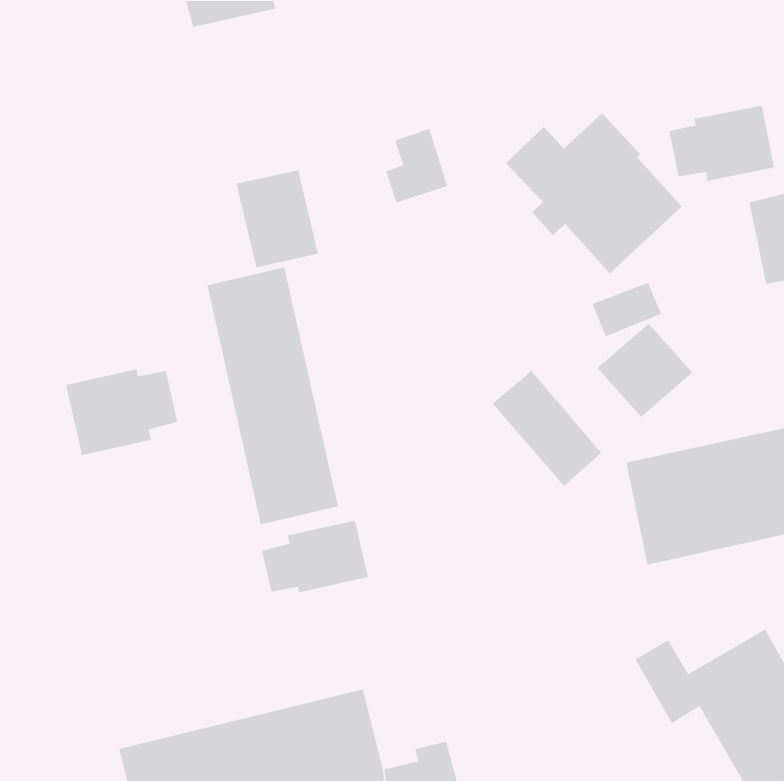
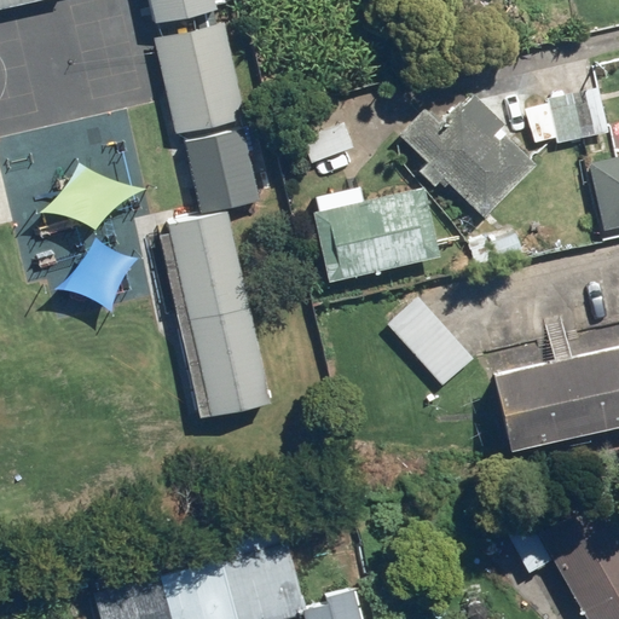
building: none -> [154,23,244,132]
building: none -> [312,186,439,280]
building: [597,323,693,418] -> none
building: [65,368,178,456] -> none
building: [261,520,369,593] -> none

